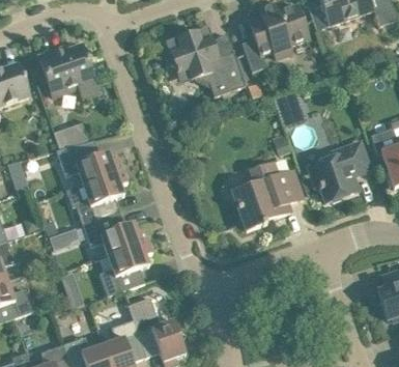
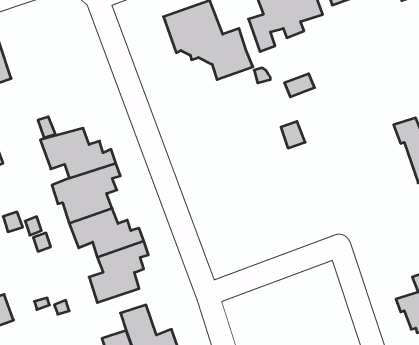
building: [38,45,98,98] -> none
building: [308,142,369,202] -> none
building: [232,163,303,230] -> none

